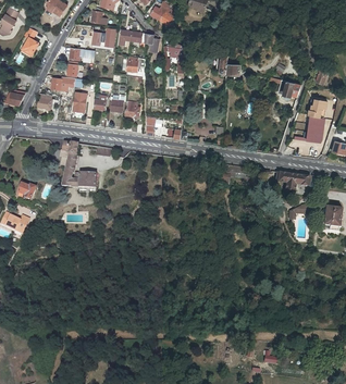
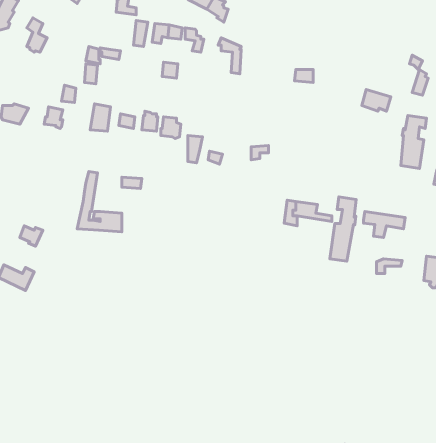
building: none -> [330,197,356,261]

